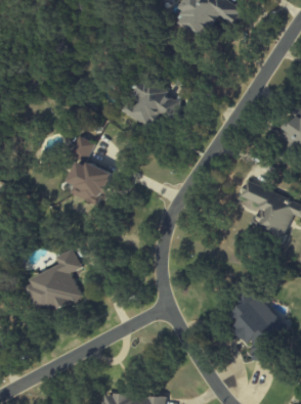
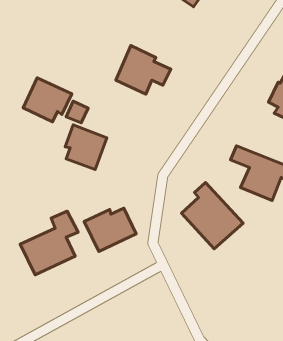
building: none -> [23,78,72,122]
building: none -> [84,208,136,252]
building: [225,287,289,356] -> [181,182,243,249]

